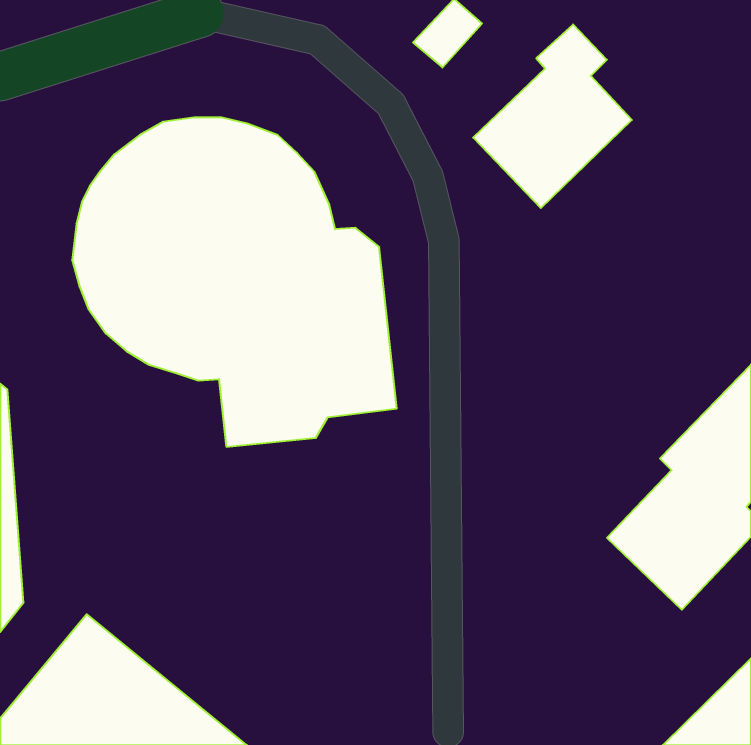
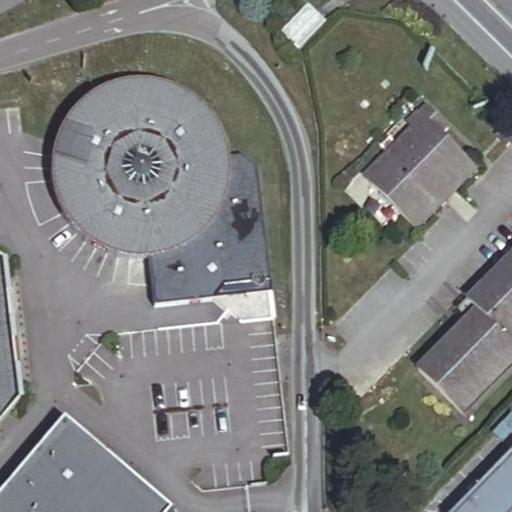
building: [473,24,632,208] -> [366,96,474,221]

